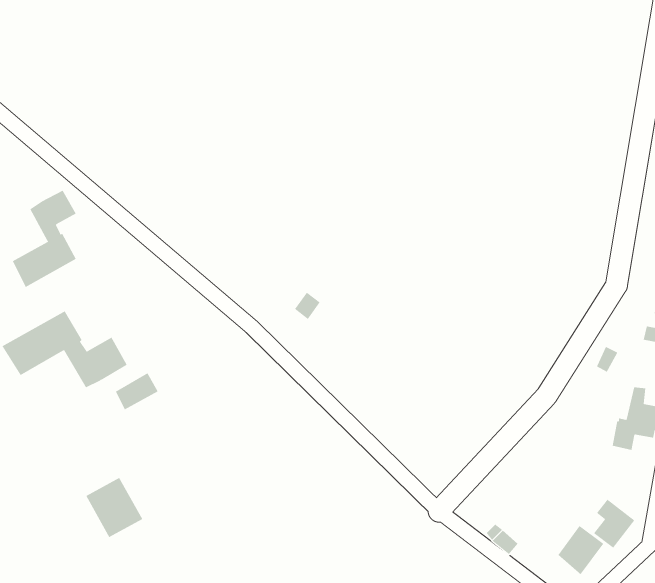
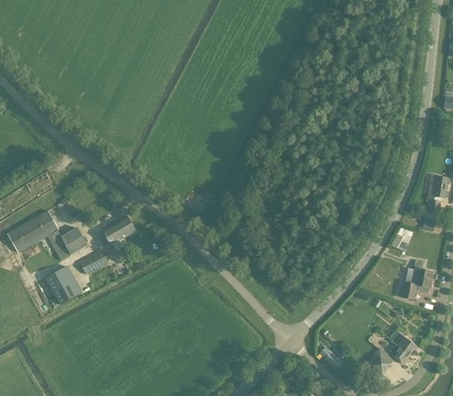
building: [12,190,77,288] -> none
building: none -> [101,215,135,246]
building: [85,477,143,538] -> [44,264,82,304]

